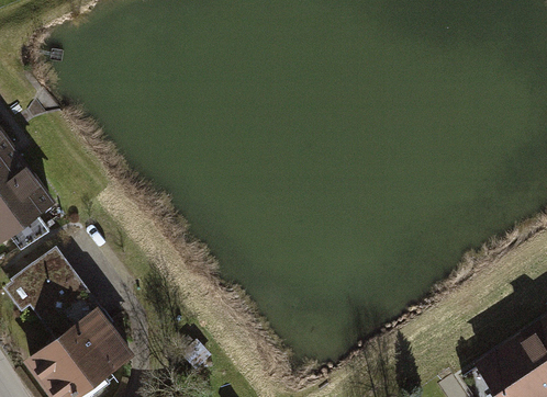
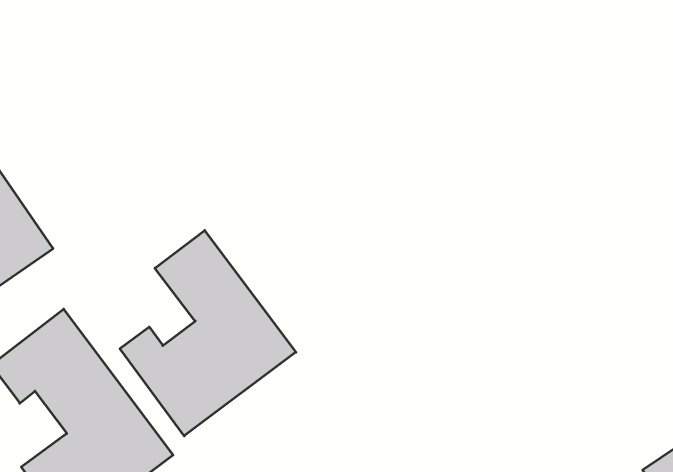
building: none -> [120,230,296,436]

